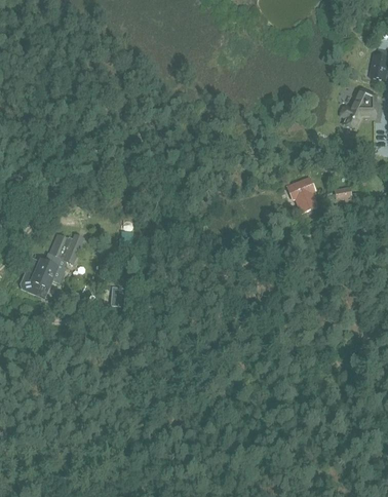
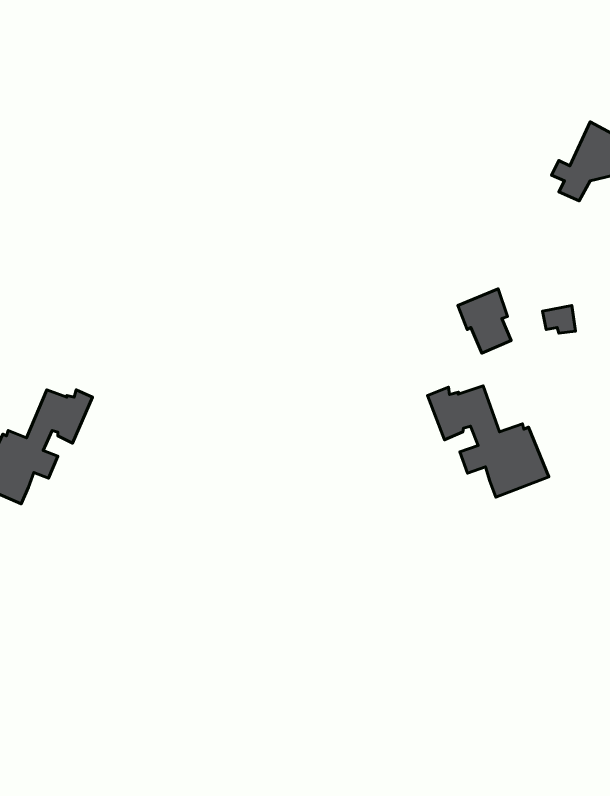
building: none -> [428,386,549,497]

